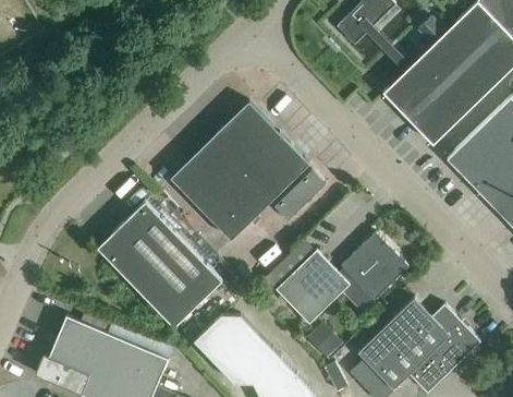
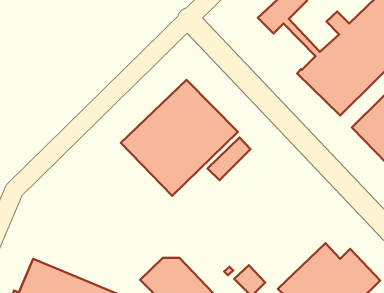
building: [97,202,222,328] -> none
building: [341,232,408,300] -> none
building: [277,250,350,324] -> none

